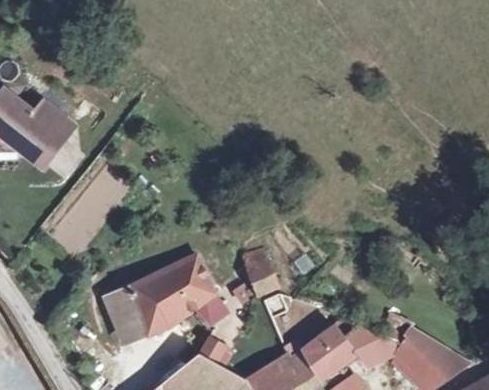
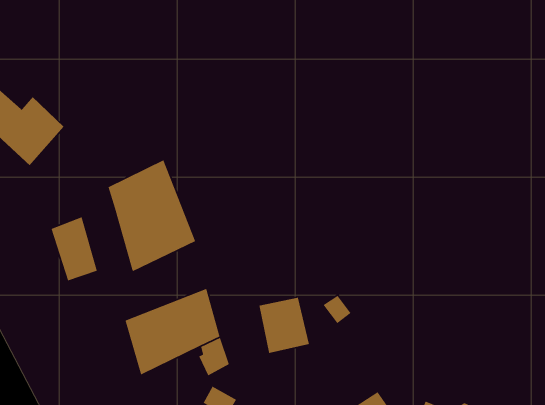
building: none -> [108,159,196,272]
building: [102,286,143,340] -> [50,216,98,281]

